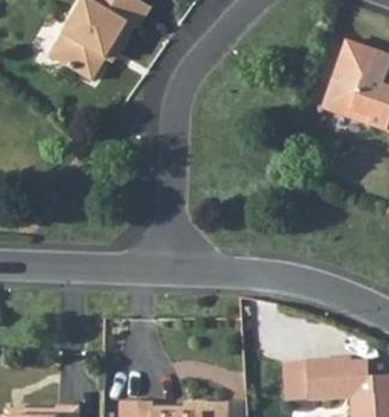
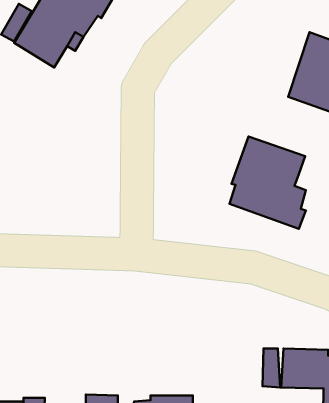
building: none -> [230,137,306,229]

